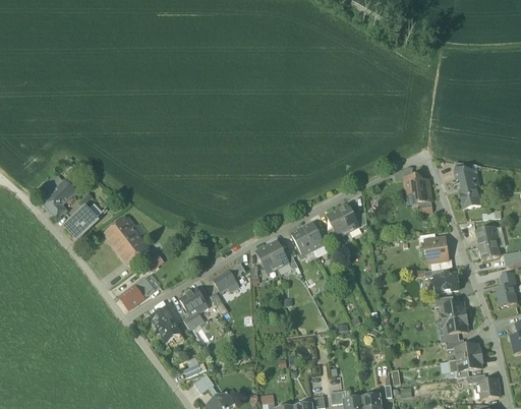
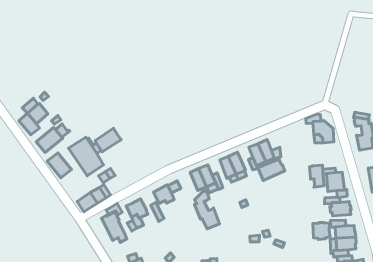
building: none -> [95,128,121,152]
building: none -> [258,159,285,181]
building: none -> [309,165,324,187]
building: none -> [47,153,72,178]
building: none -> [194,190,219,229]
building: none -> [313,222,330,239]

